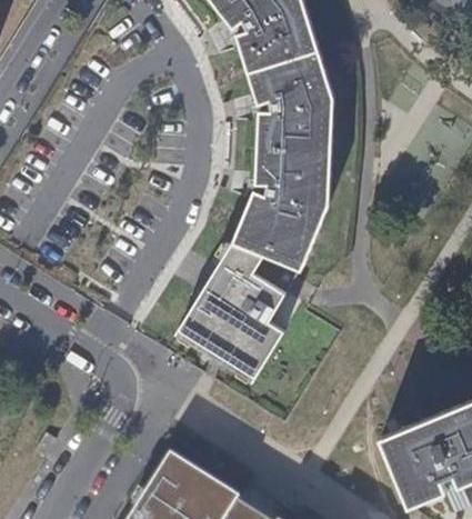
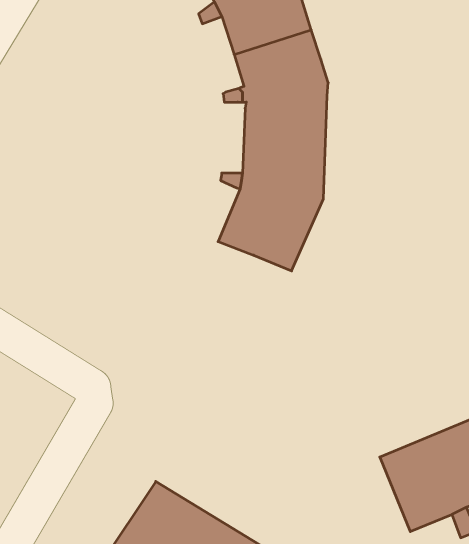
building: [180,242,289,377] -> none

